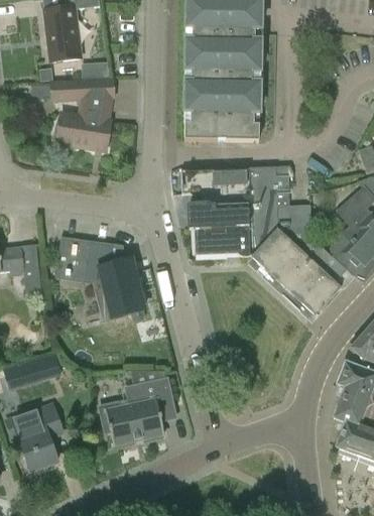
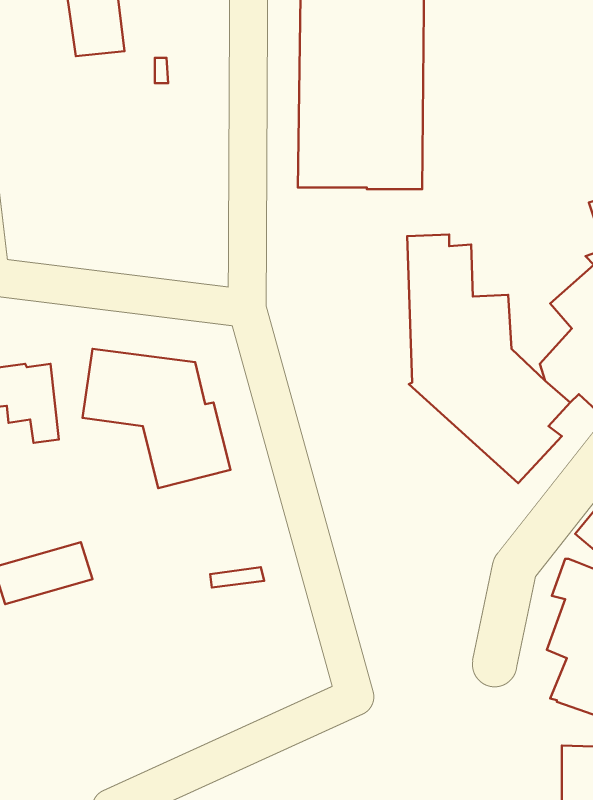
building: [51,79,114,150] -> none
building: [189,167,252,258] -> none
building: [100,378,175,444] -> none
building: [18,403,64,471] -> none

